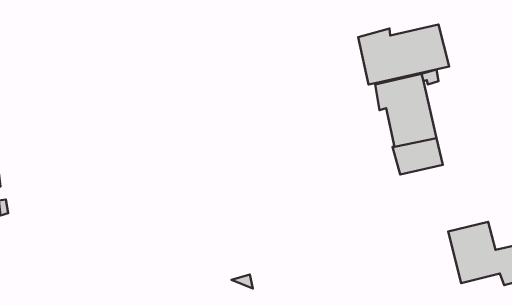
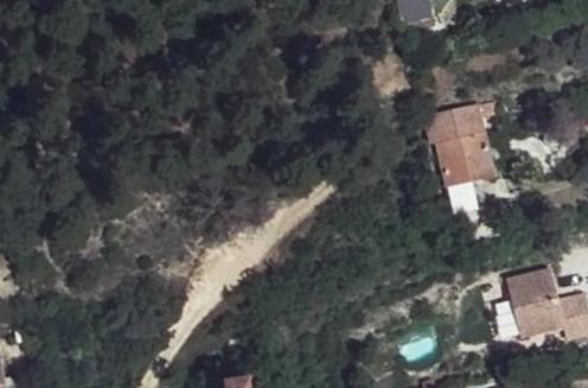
building: [358,24,449,84] -> none

